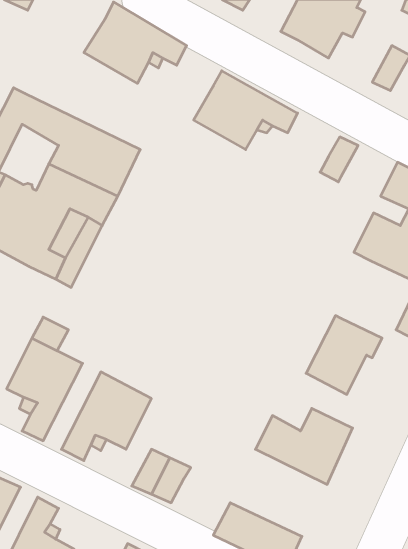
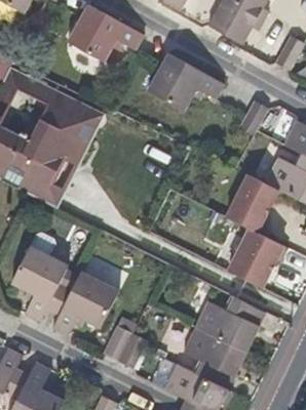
building: none -> [226,175,277,233]
building: none -> [181,328,245,392]

